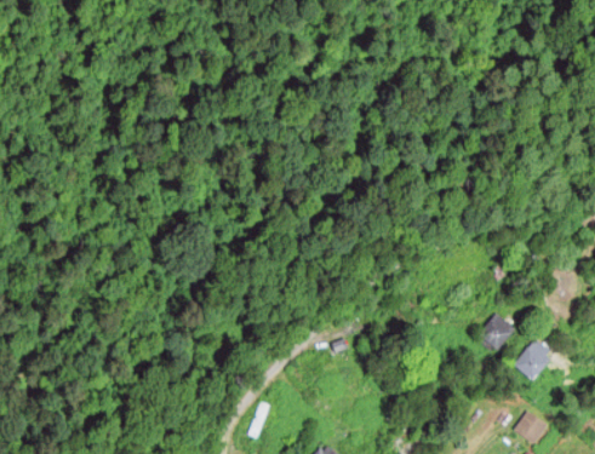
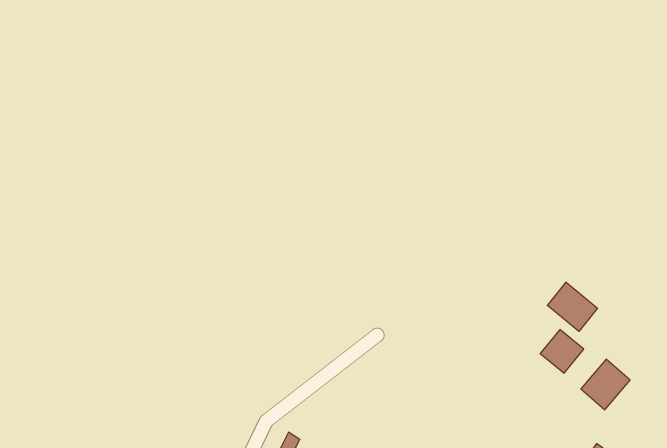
building: none -> [547,282,597,331]

